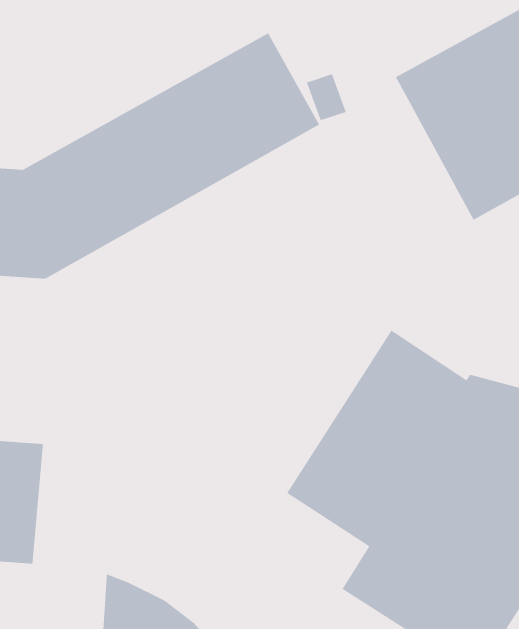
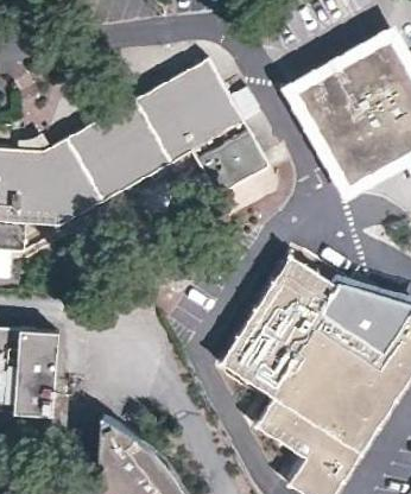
building: none -> [196,131,266,204]

